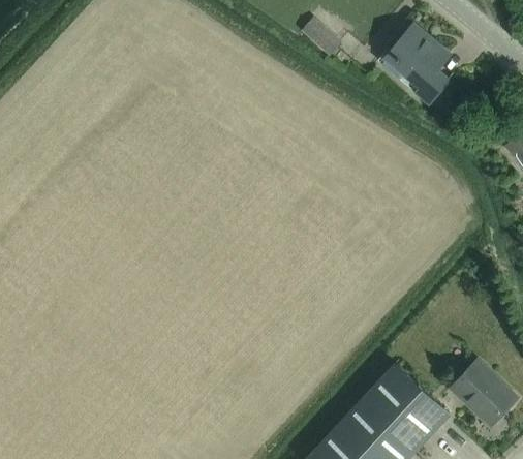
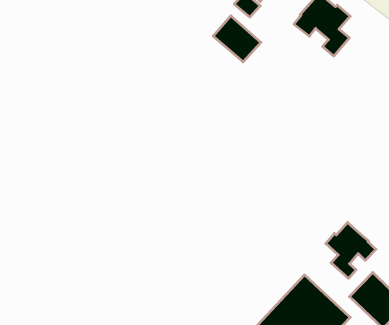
building: none -> [213,16,261,62]
building: none -> [326,222,376,278]

